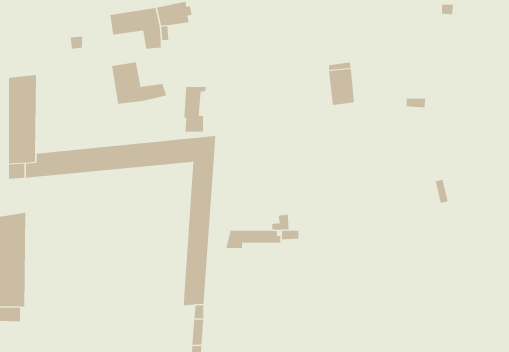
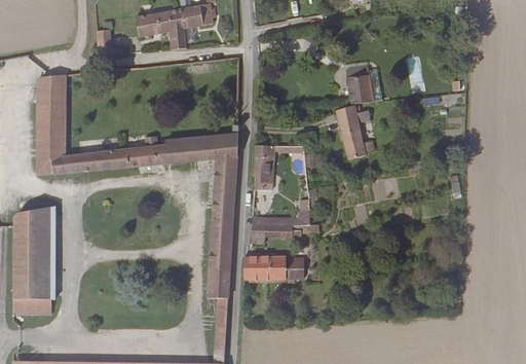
building: [111,62,167,105] -> none
building: [184,86,207,132] -> [253,145,275,189]
building: none -> [334,105,369,159]
building: none -> [243,255,303,279]

